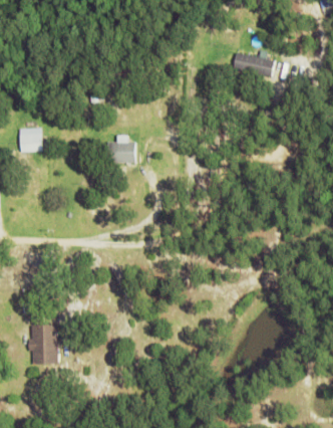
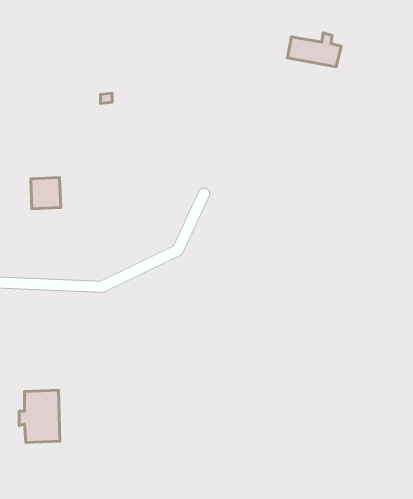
building: [17,130,40,154] -> [31,178,61,209]
building: [107,142,134,162] -> none

